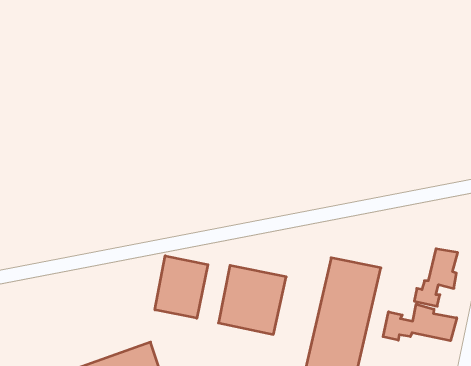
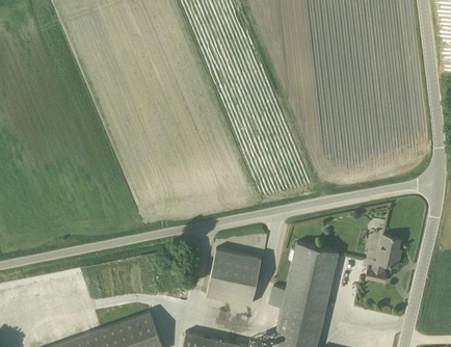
building: [155,256,208,318] -> none
building: [383,304,457,341] -> none

